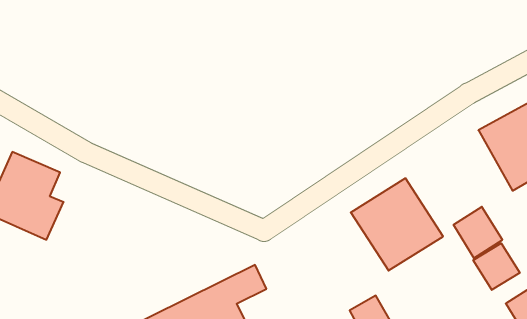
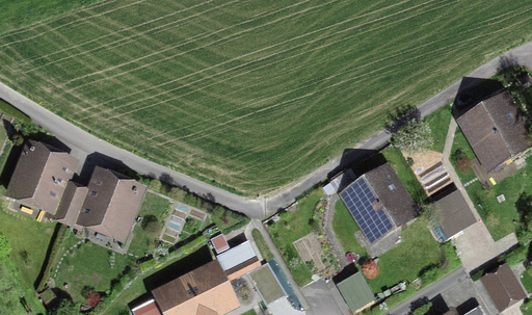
building: none -> [60,167,149,245]
building: [473,243,520,290] -> none

